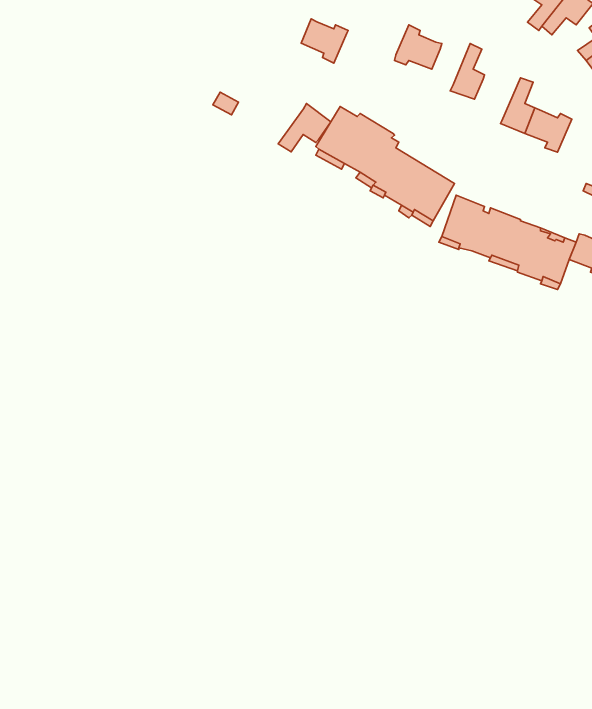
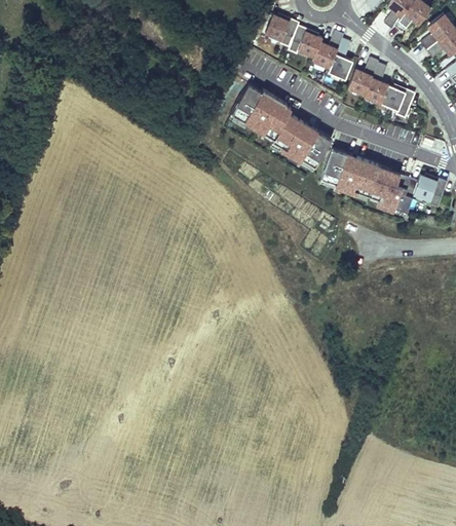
building: [301,19,348,63] -> [265,15,299,47]
building: none -> [313,32,343,69]
building: none -> [347,59,379,95]
building: [278,103,331,152] -> none

